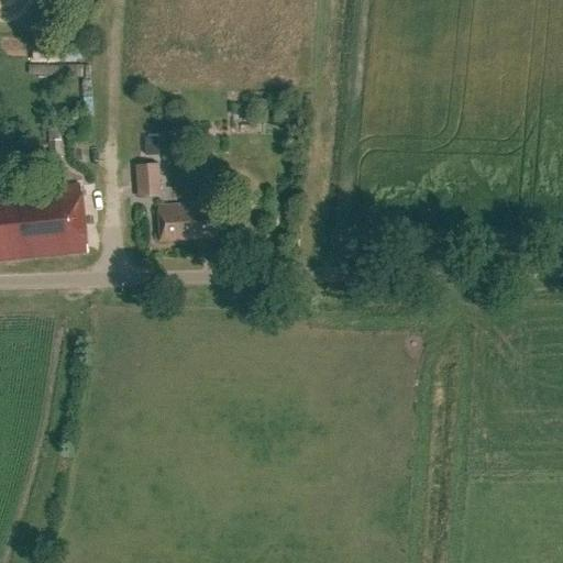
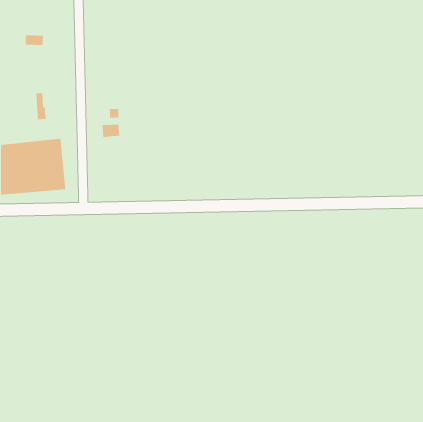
building: [157,202,217,243] -> none

